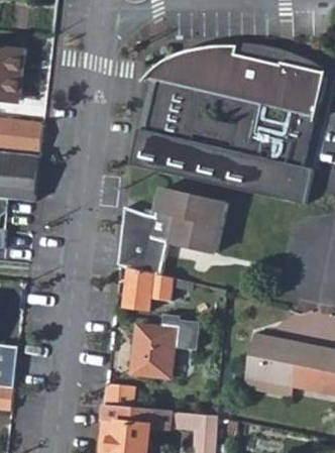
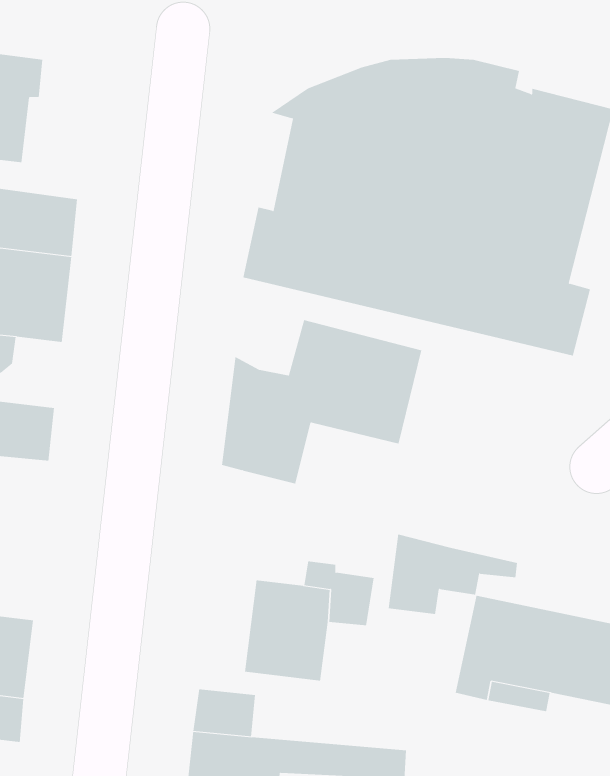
building: [124,267,193,310] -> [388,534,518,614]

